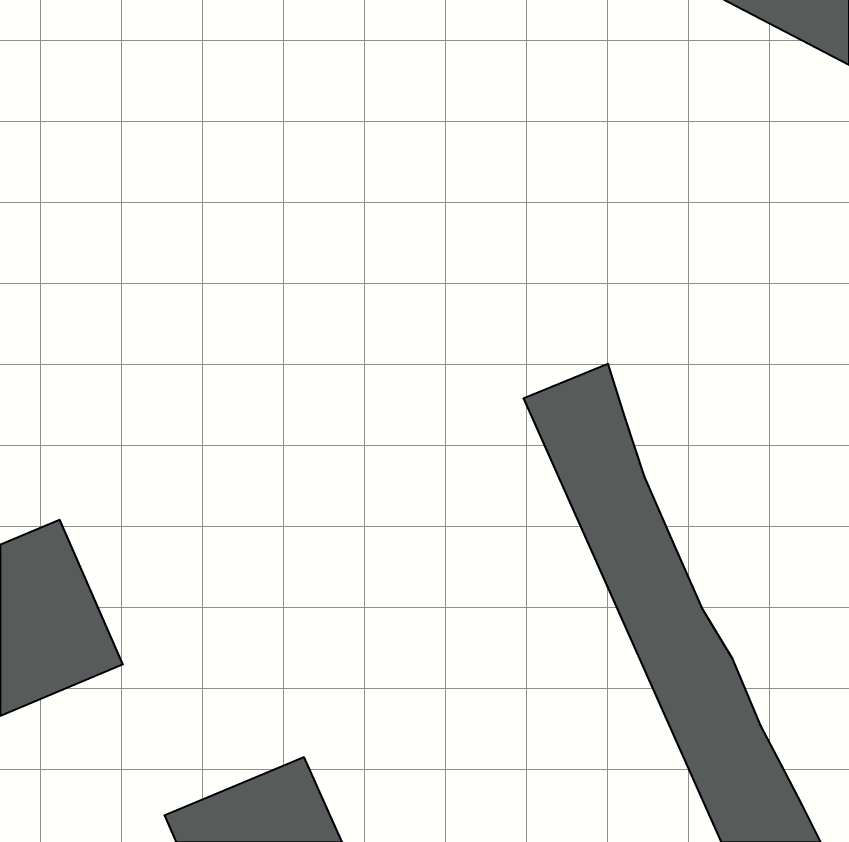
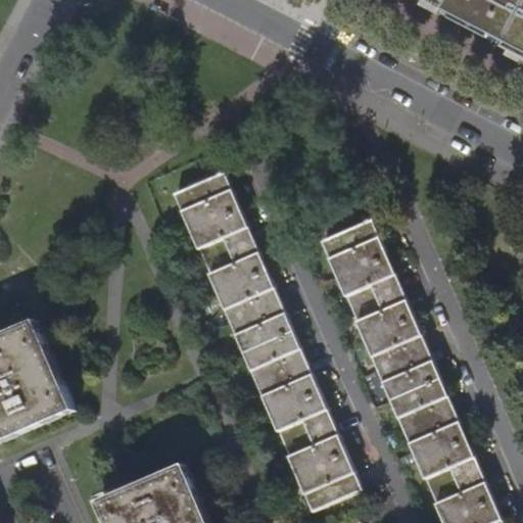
building: none -> [176,177,360,511]

